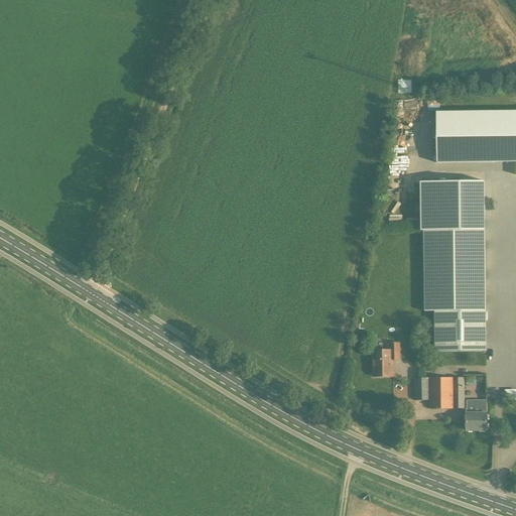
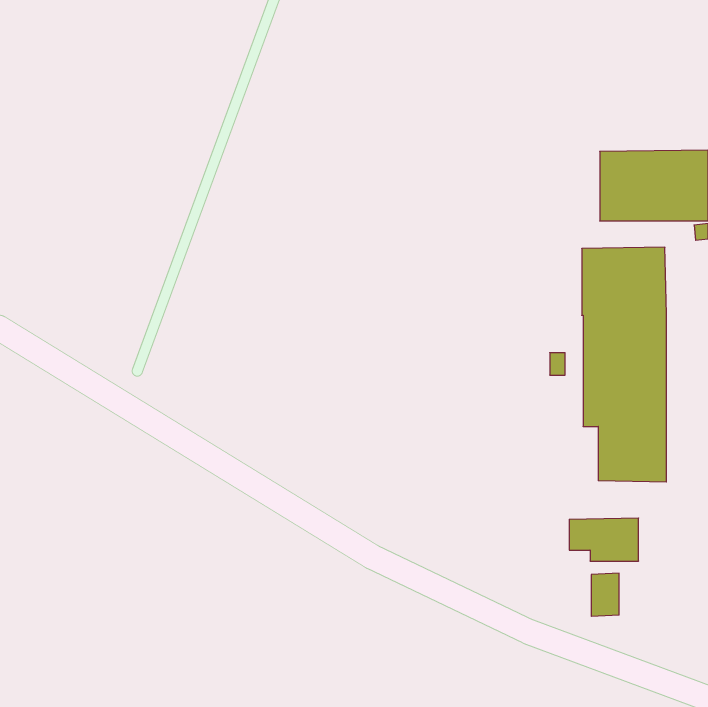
building: [372,342,399,375] -> none
building: [466,398,486,429] -> [591,573,619,616]

